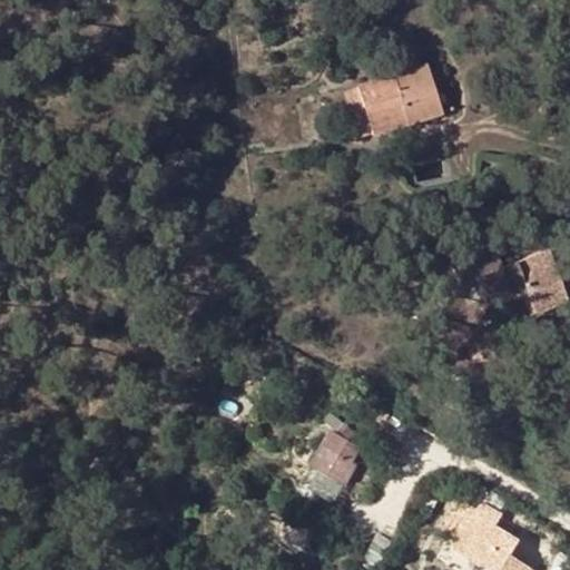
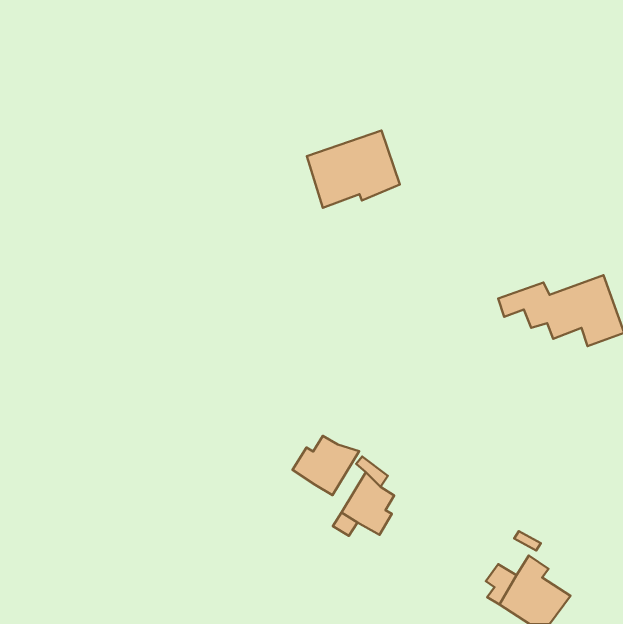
building: [358,65,443,135] -> [307,131,400,208]
building: none -> [292,436,359,495]

